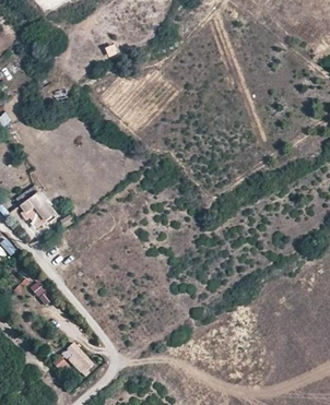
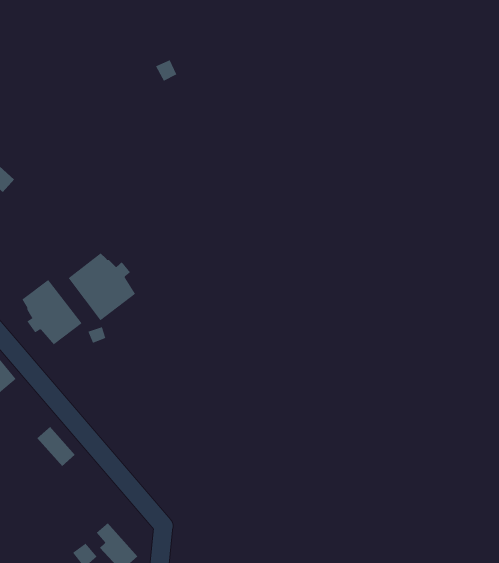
building: none -> [68,253,136,321]

